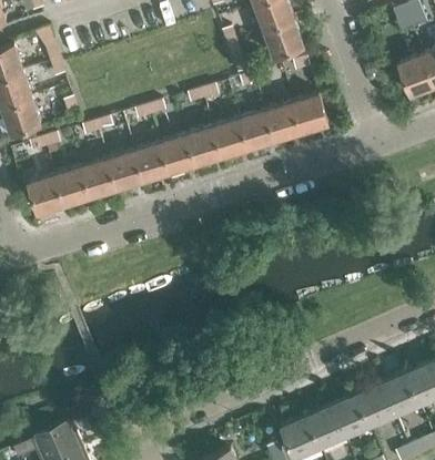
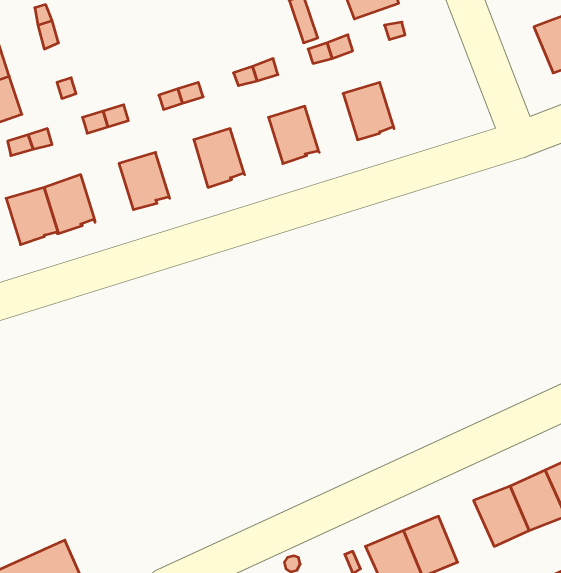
building: [290,93,327,133] -> none
building: [237,109,274,150] -> none
building: [185,125,222,165] -> none
building: [133,141,170,182] -> none
building: [81,157,118,197] -> none
building: [331,392,370,436] -> none

